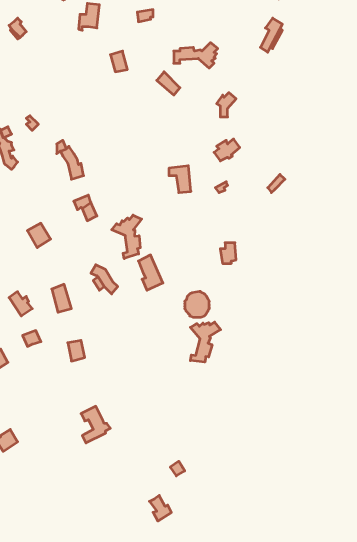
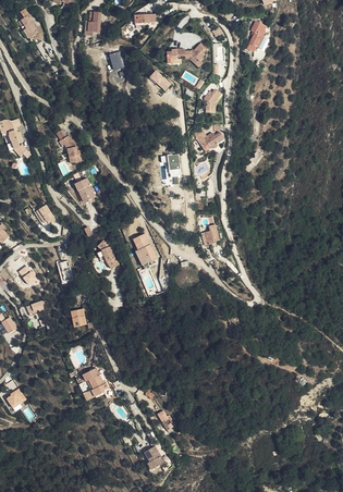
building: [112,215,142,259] -> none
building: [190,322,221,362] -> none

